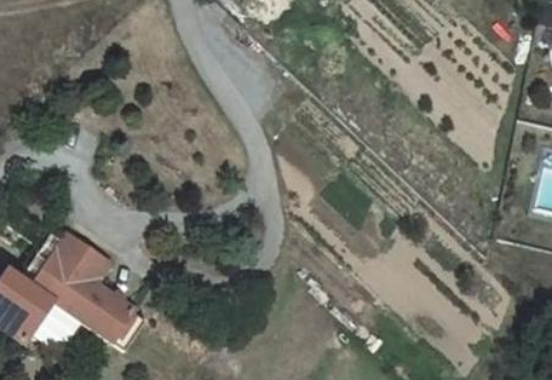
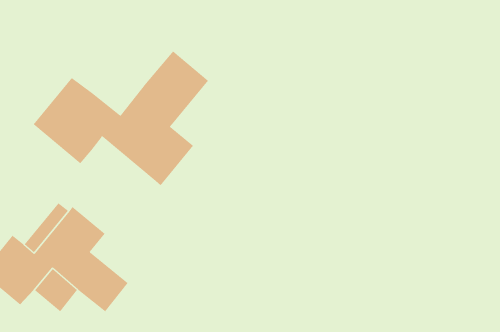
building: none -> [33,51,209,186]

